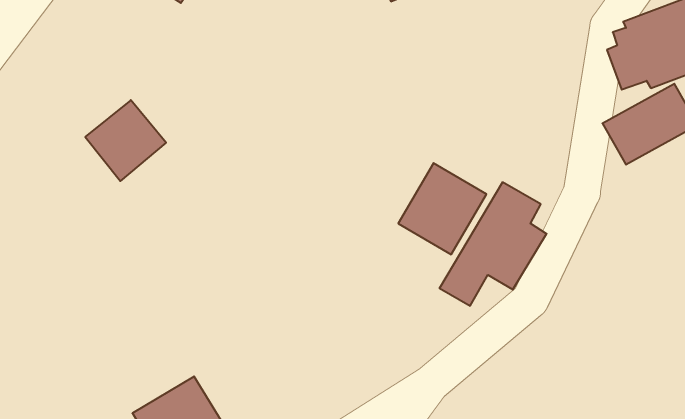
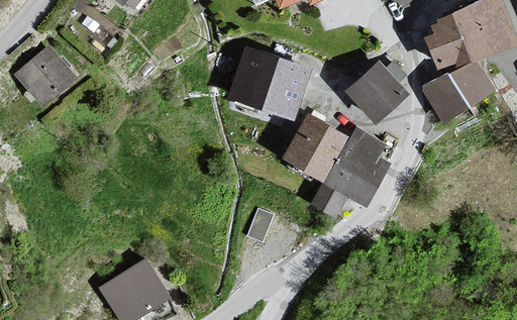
building: none -> [230,49,308,118]
building: none -> [347,64,406,121]
building: [85,100,166,181] -> [17,48,73,104]

